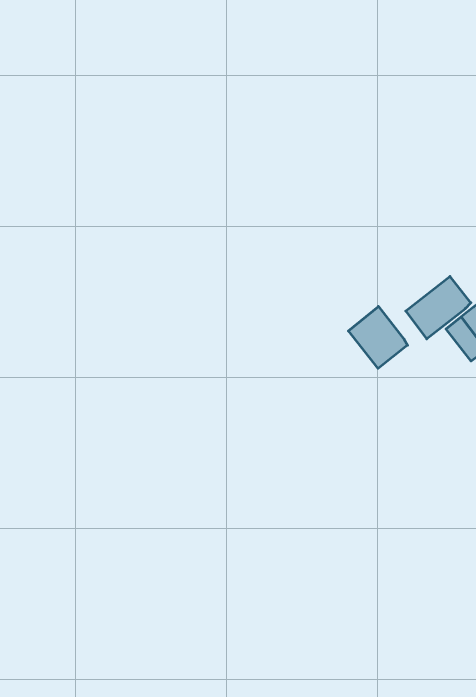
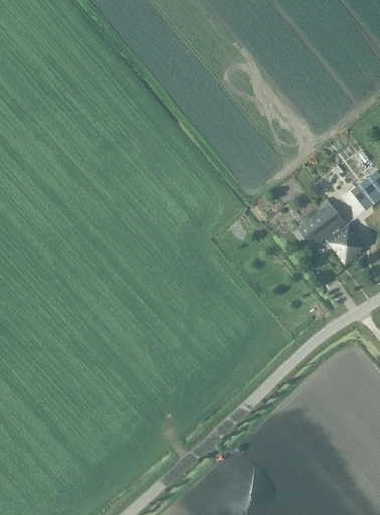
building: [348,306,408,368] -> none

